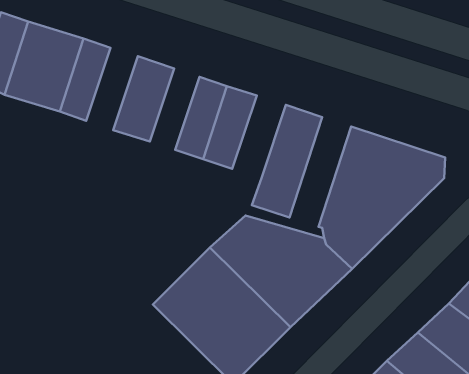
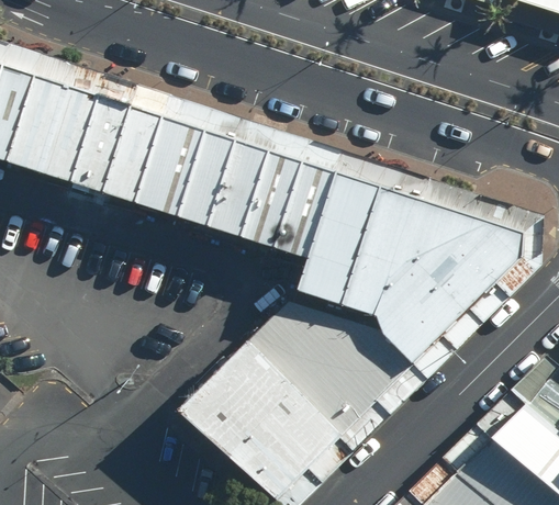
building: none -> [102,105,163,202]
building: none -> [177,130,235,225]
building: none -> [273,161,336,258]
building: none -> [340,187,413,315]

